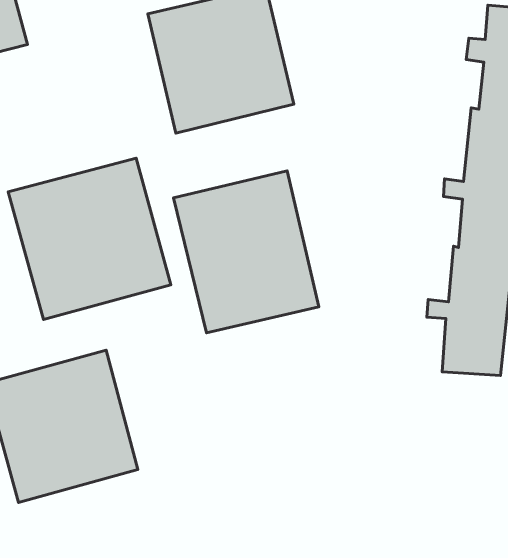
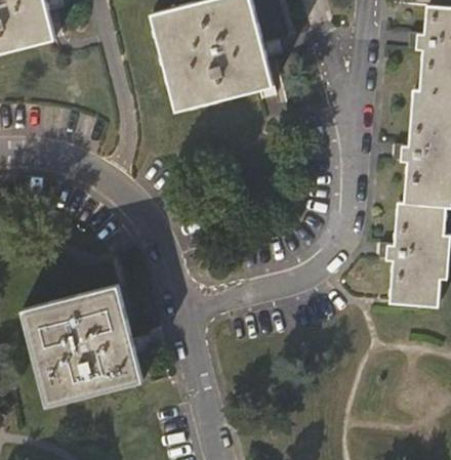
building: [8,158,171,320] -> none
building: [174,171,319,333] -> none

